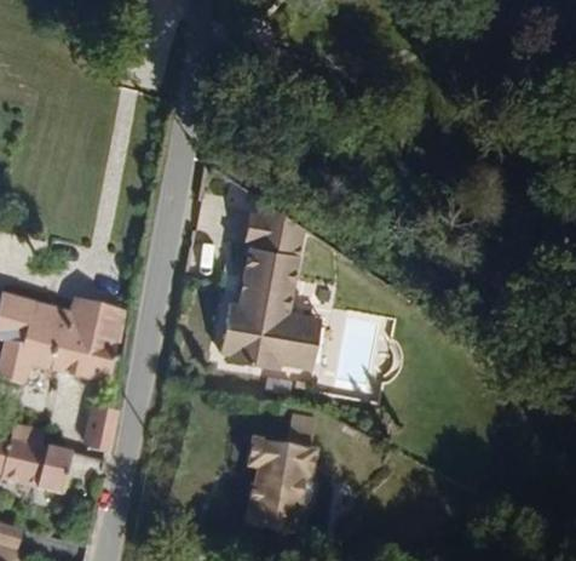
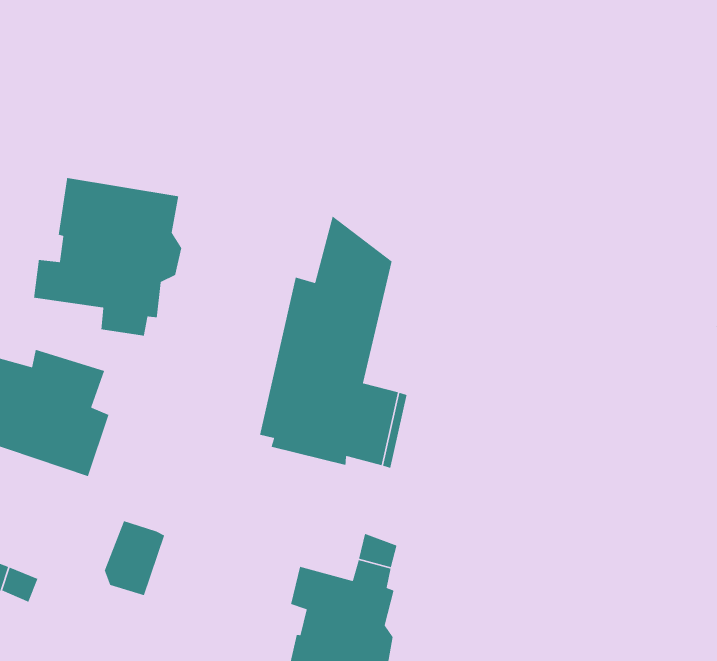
building: none -> [33,177,182,336]
building: [75,402,114,452] -> [104,520,165,596]

